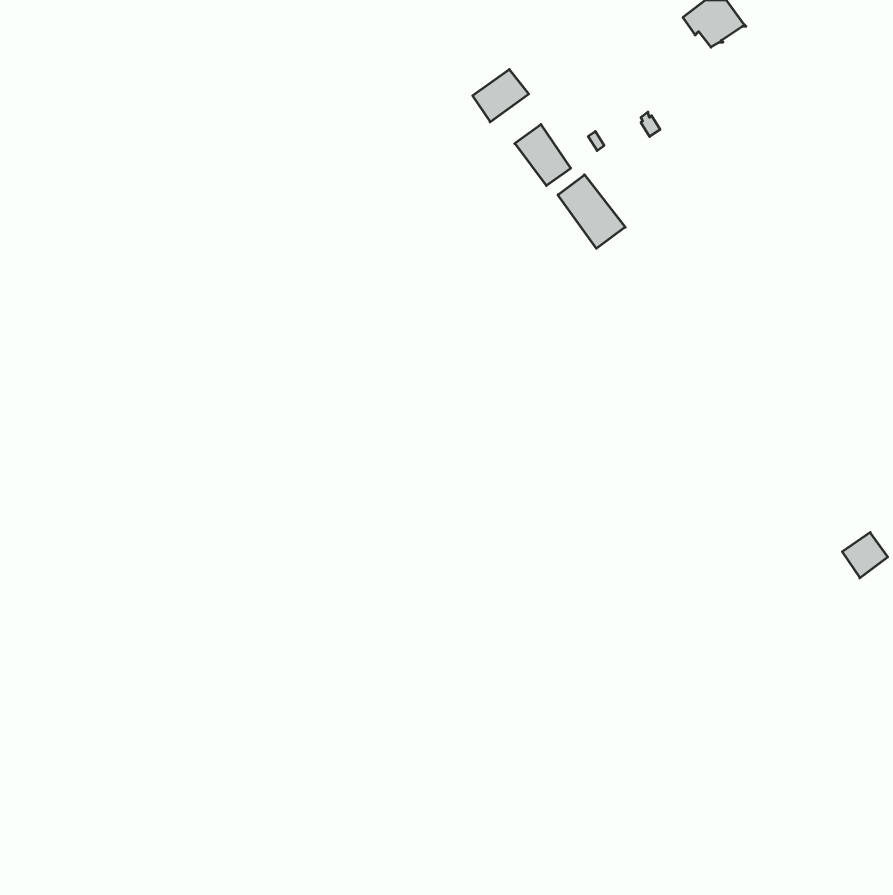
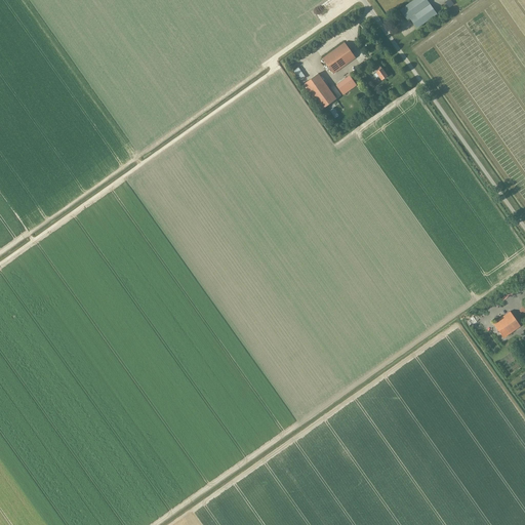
building: [473,69,529,122] -> [323,43,356,74]
building: [558,175,625,248] -> none

